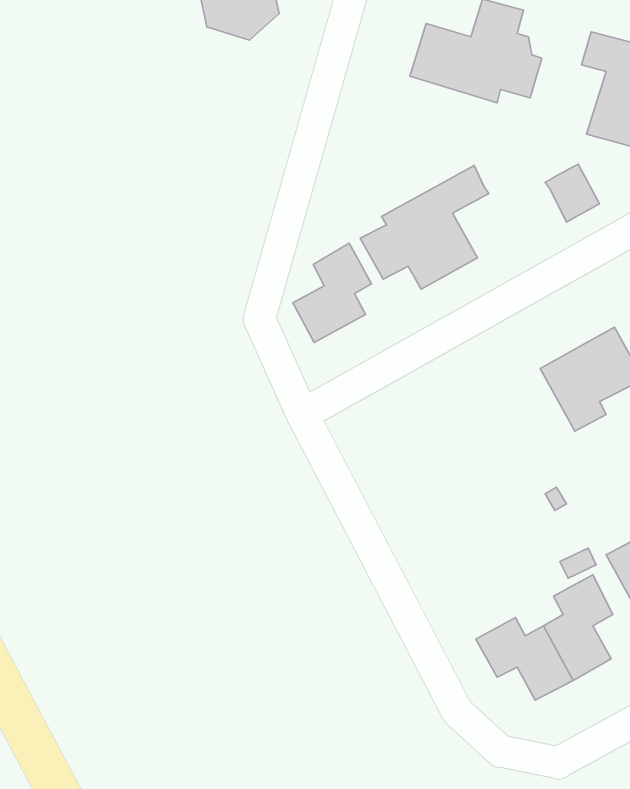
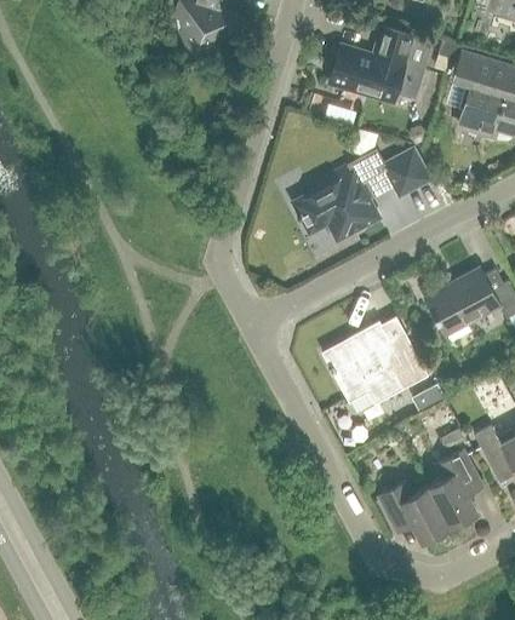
building: [545,164,600,222] -> [383,151,423,194]
building: [293,243,372,343] -> none
building: none -> [324,323,428,404]

